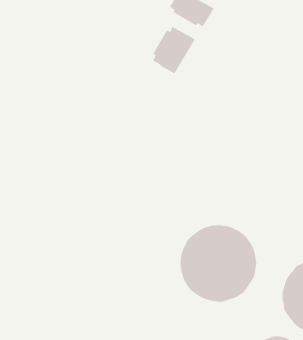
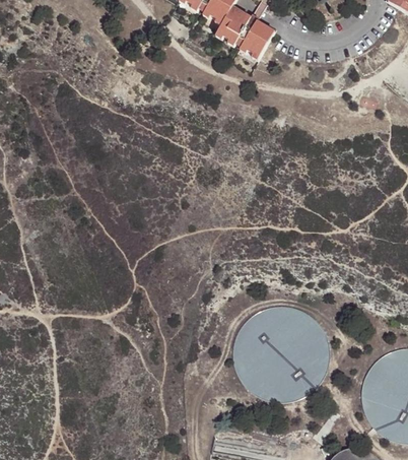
building: [152,26,195,74] -> none

